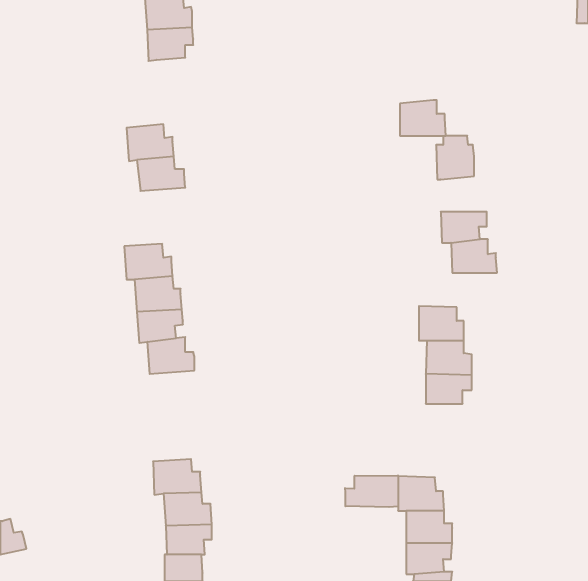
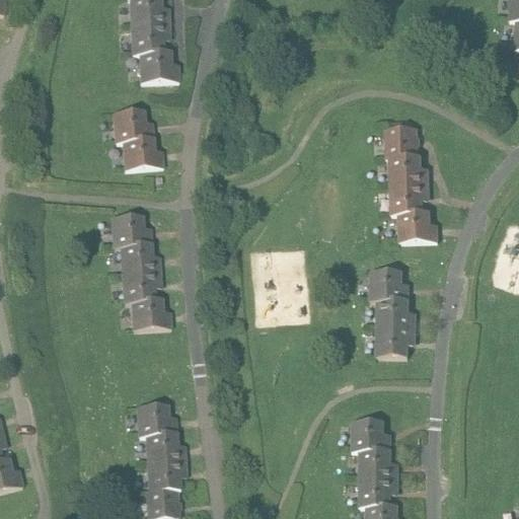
building: none -> [138,50,179,81]
building: [400,100,446,136] -> [388,155,429,187]
building: [345,475,398,507] -> none

